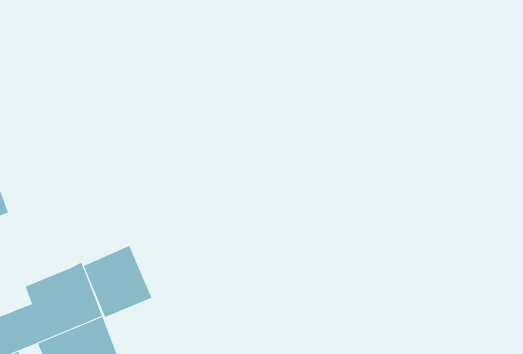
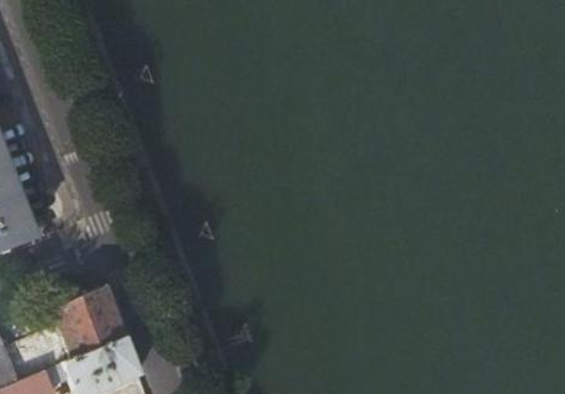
building: [83,245,152,318] -> none

